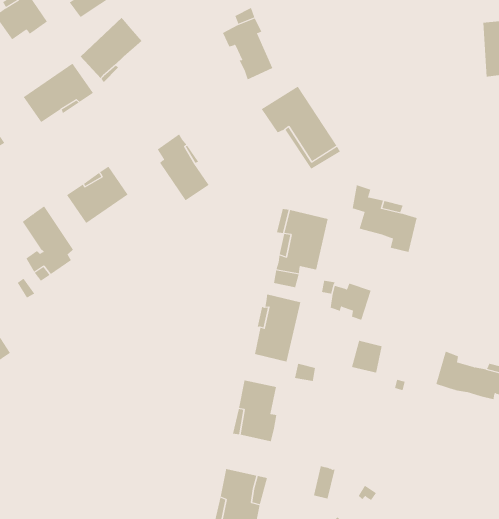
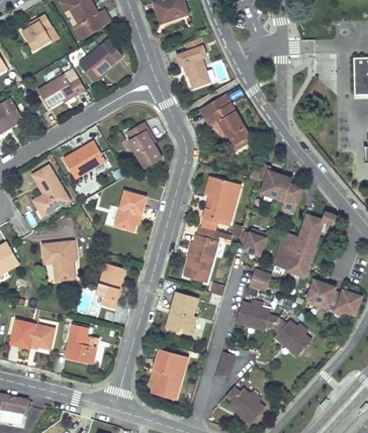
building: none -> [114,191,146,230]
building: none -> [274,212,336,276]
building: none -> [42,239,76,280]
building: none -> [96,262,124,309]
building: none -> [236,302,311,356]
building: none -> [10,319,54,348]
building: none -> [65,325,97,364]

